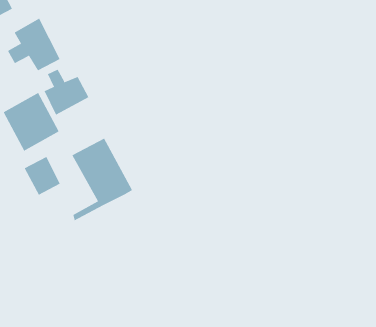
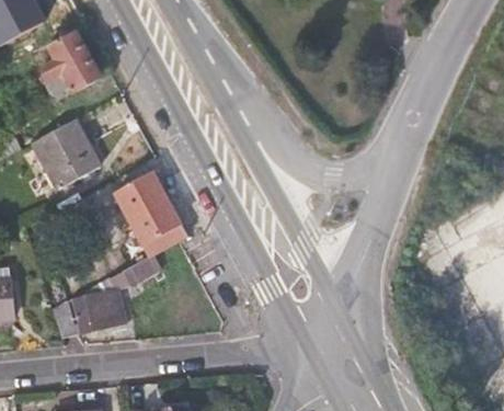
building: [44,69,89,116] -> none
building: none -> [54,255,160,338]

